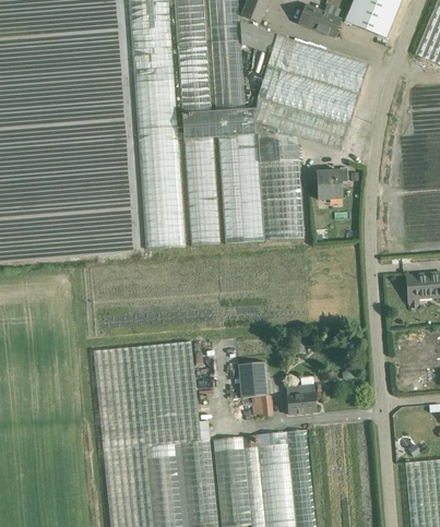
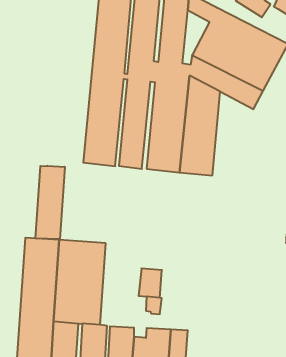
building: [317,170,343,199] -> none
building: none -> [35,166,65,239]
building: [286,374,316,414] -> none

